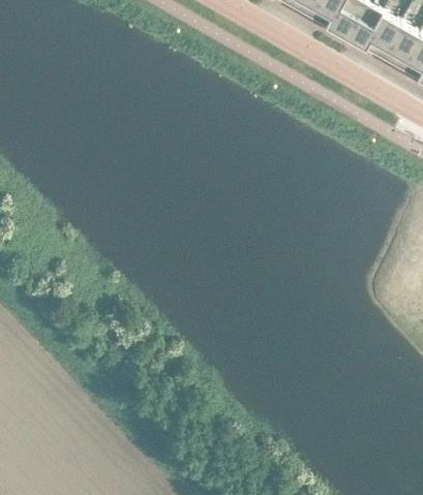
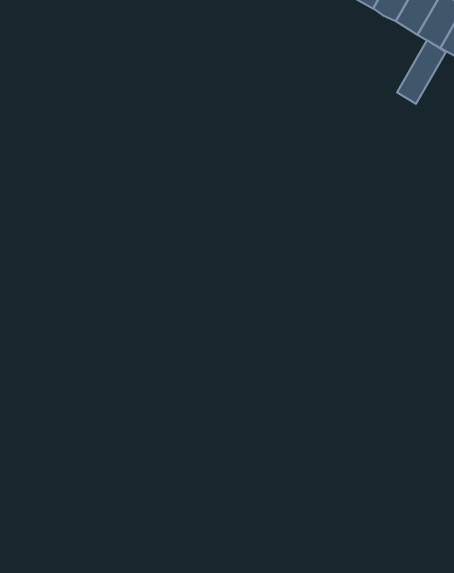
building: none -> [397,40,446,104]

